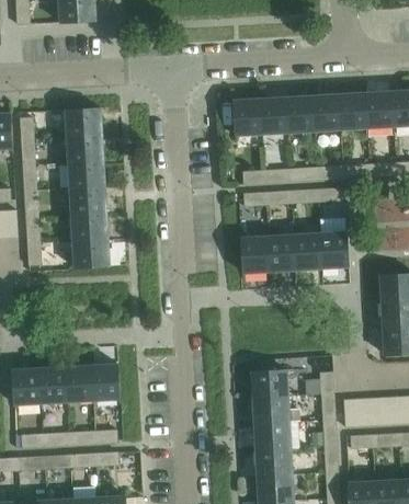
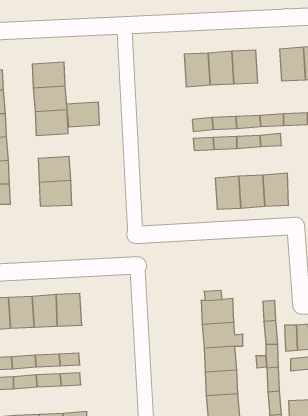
building: [311,95,340,133] -> none
building: [69,188,105,216] -> [67,102,99,127]
building: [240,238,269,274] -> none

